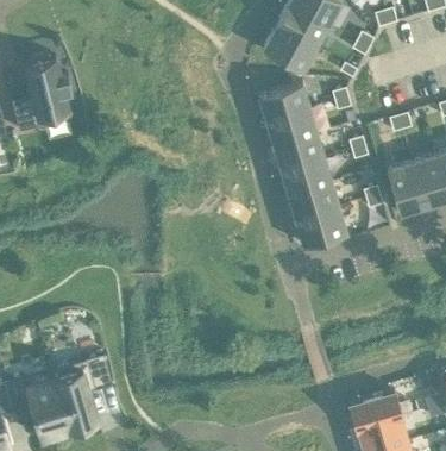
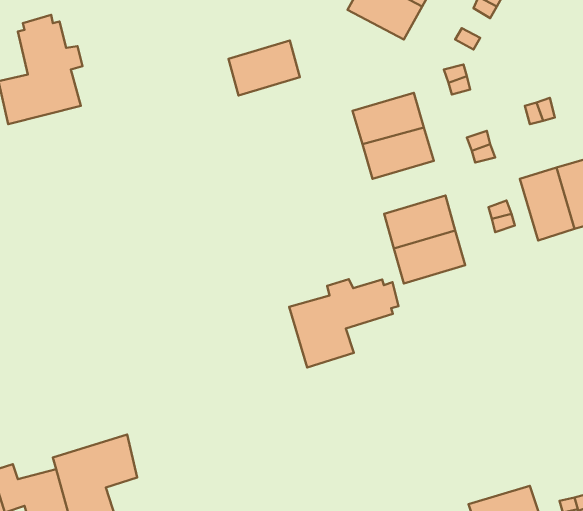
building: [259,83,310,123] -> [228,41,300,95]
building: [281,158,333,196] -> none
building: none -> [289,279,398,367]

